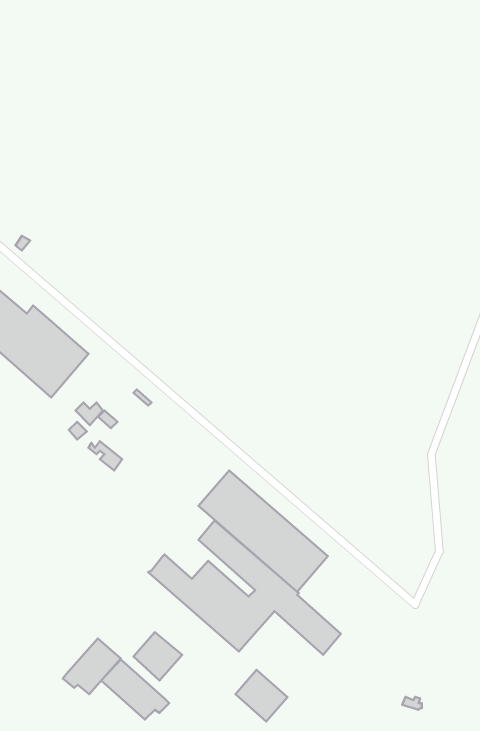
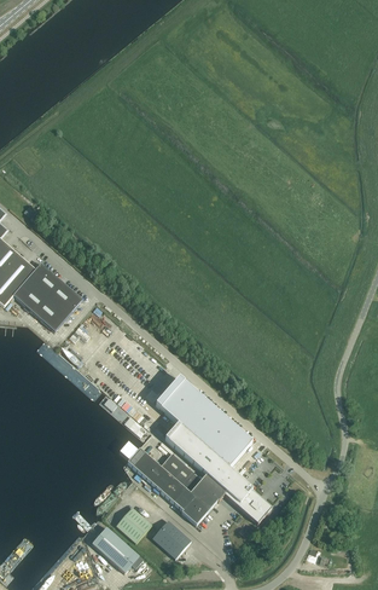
building: [63,639,121,694] -> none
building: [236,670,287,722] -> [151,519,190,557]

